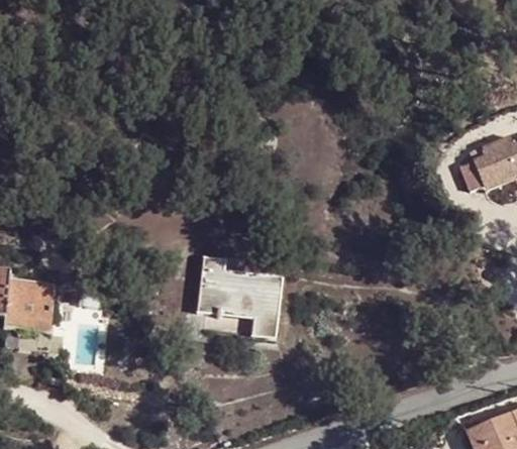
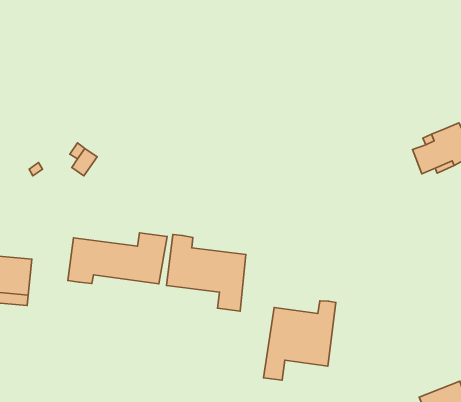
building: none -> [68,233,167,284]
building: none -> [264,301,336,380]

